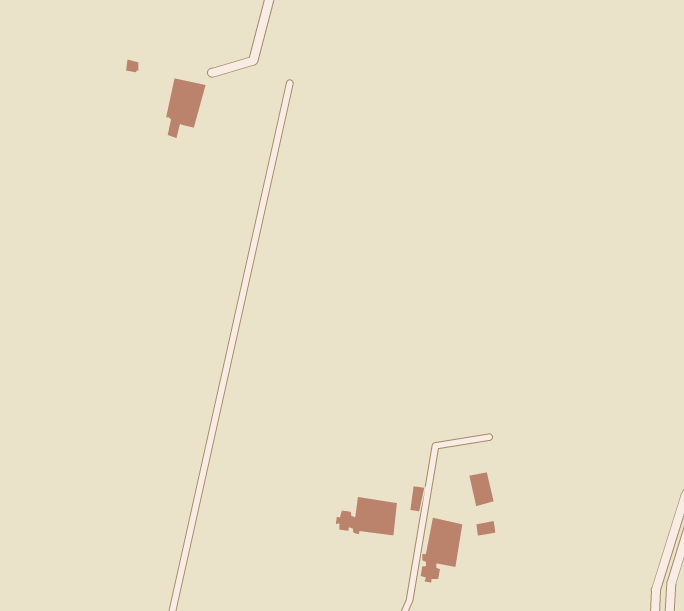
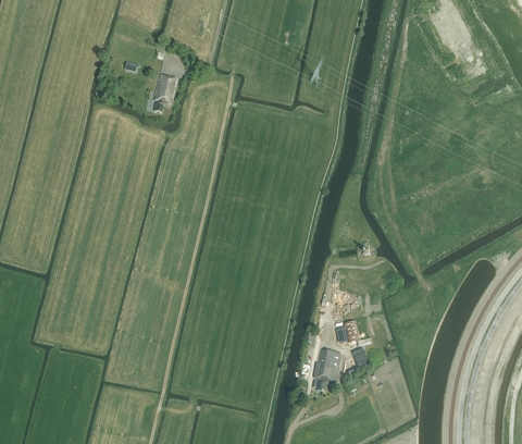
building: [335,496,397,536] -> none

